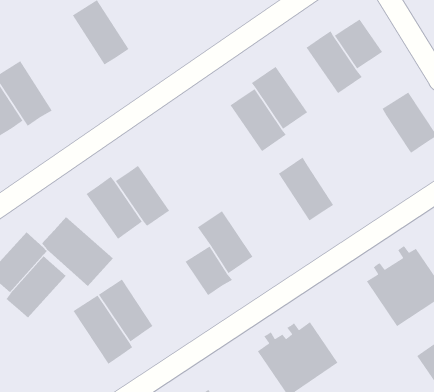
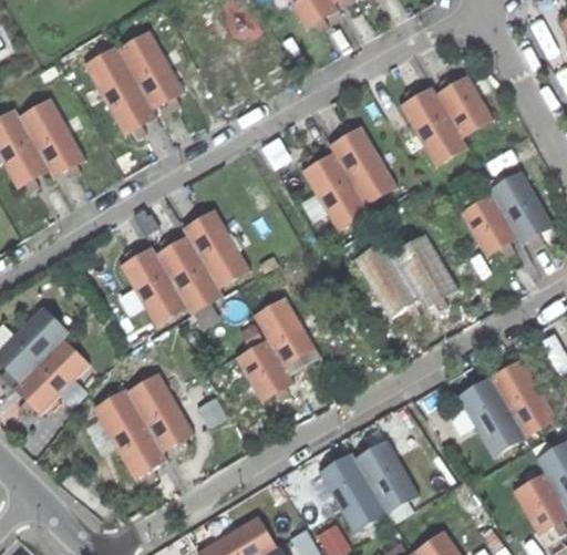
building: none -> [86,48,158,137]
building: none -> [463,196,517,257]
building: none -> [183,209,250,289]
building: none -> [394,232,458,306]
building: [41,216,114,287] -> none

